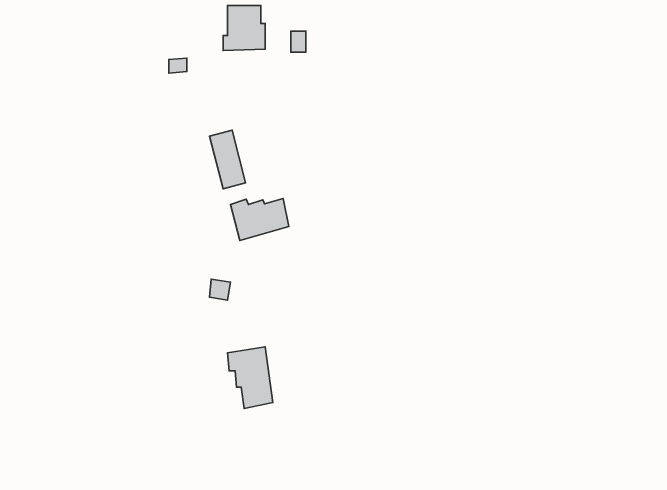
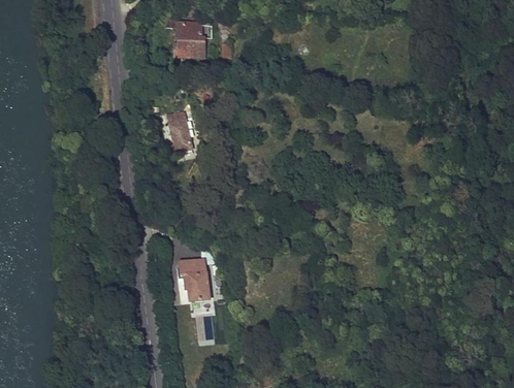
building: [231,199,289,240] -> none

